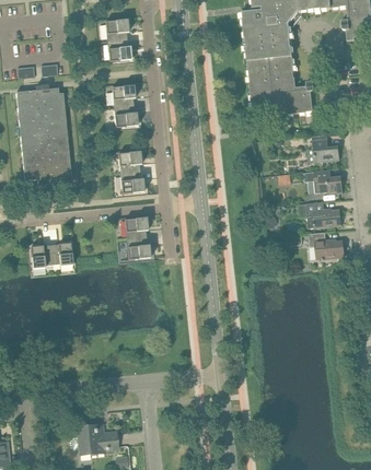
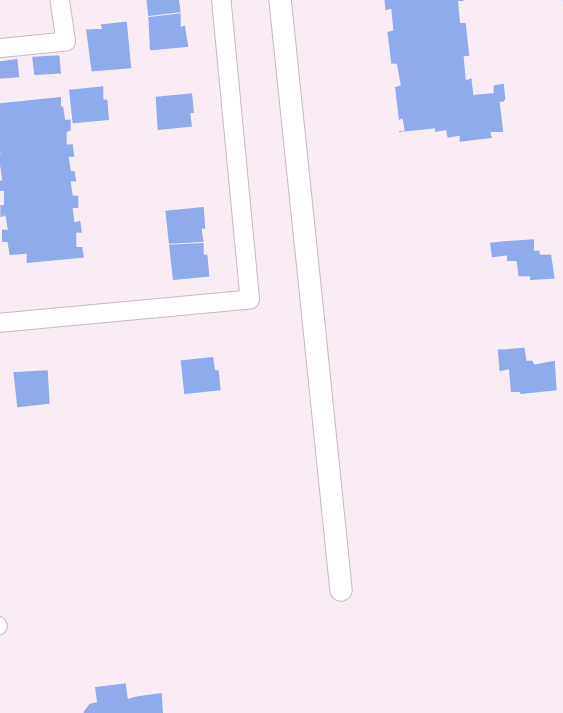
building: none -> [85,21,132,72]
building: [113,105,137,127] -> [68,86,110,124]
building: [312,134,339,162] -> none
building: [306,201,340,227] -> none
building: [124,216,148,239] -> none
building: [50,243,72,266] -> none

